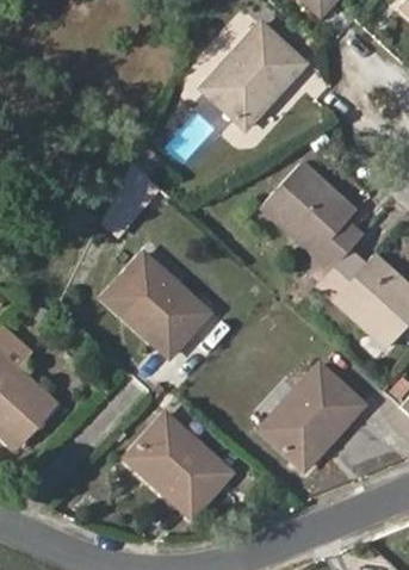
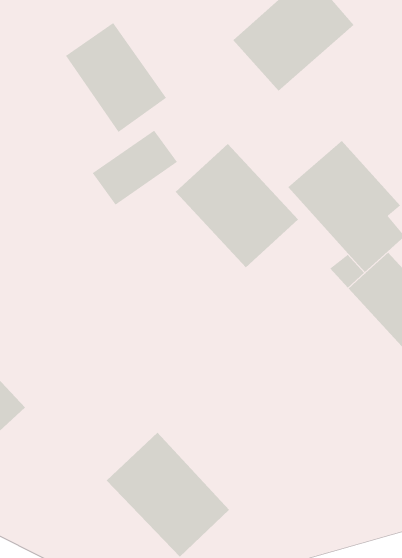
building: none -> [65,22,167,133]
building: [105,254,210,357] -> [175,143,299,268]
building: [260,361,364,466] -> none

